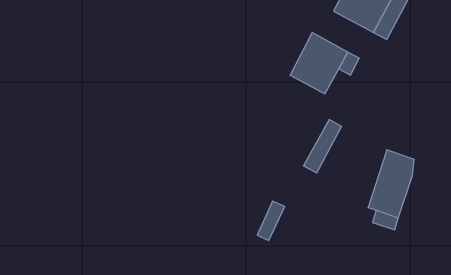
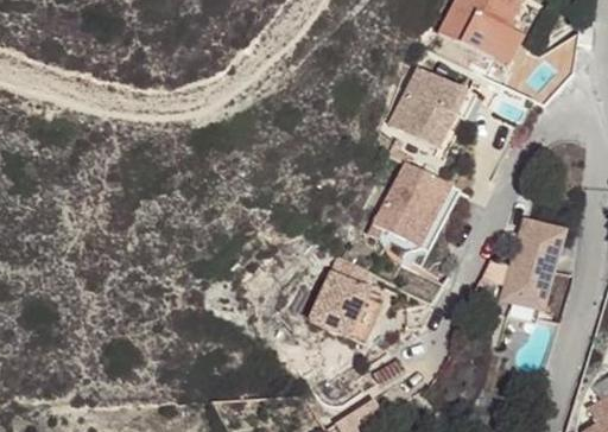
building: none -> [372,160,443,242]
building: none -> [310,273,367,335]

